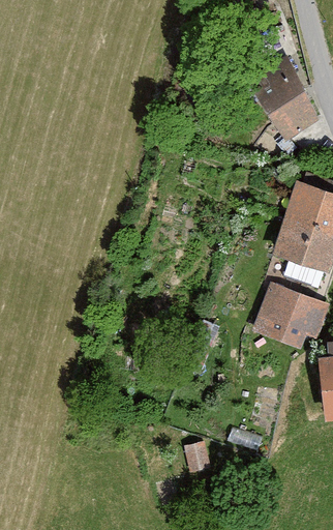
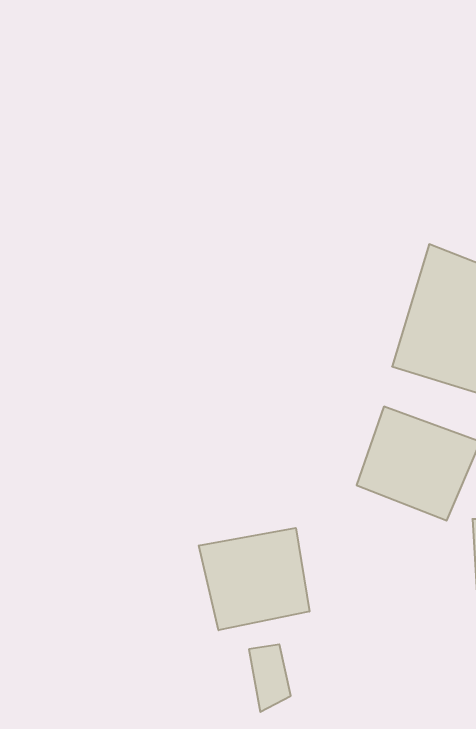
building: [249,57,315,143] -> none
building: none -> [199,528,309,630]

